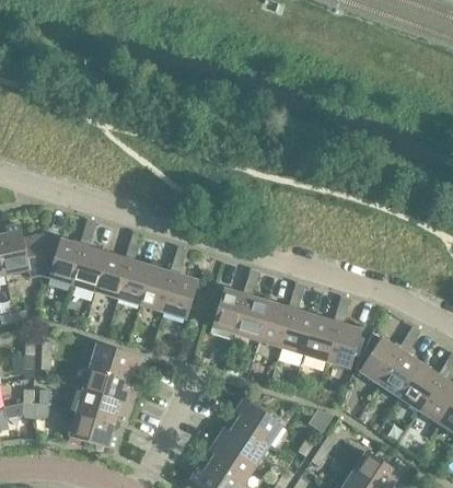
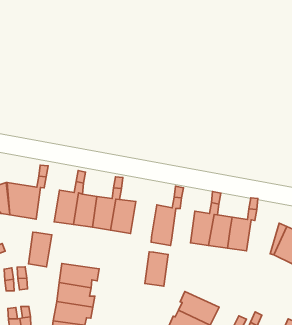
building: [72,245,106,290] -> [28,232,52,267]
building: [235,294,269,339] -> [145,252,168,286]
building: [326,322,361,367] -> none

